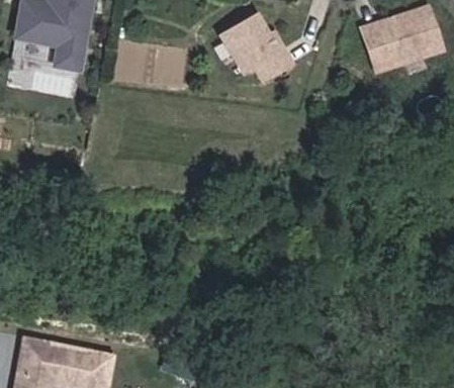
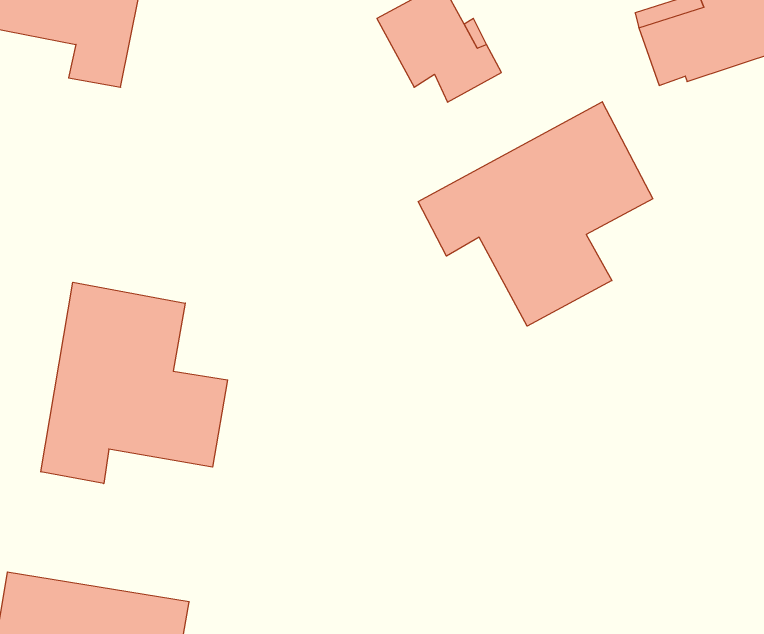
building: none -> [418,102,653,326]
building: none -> [41,282,228,484]

